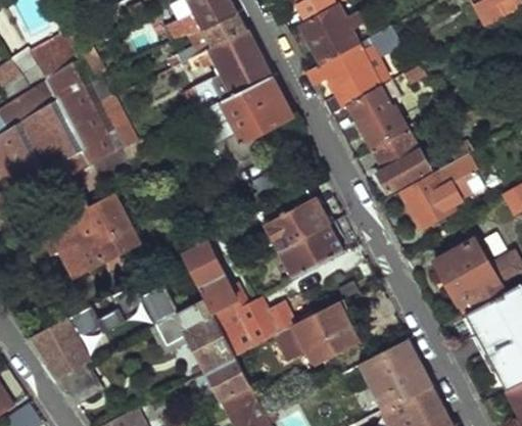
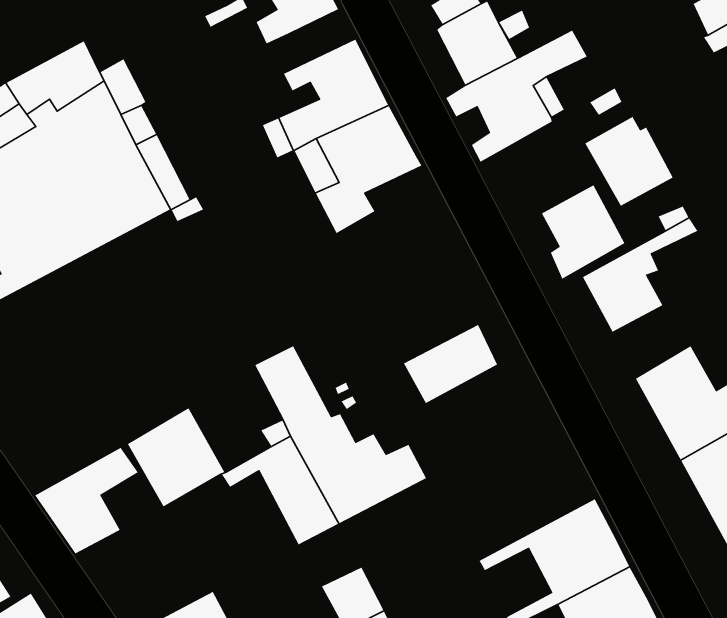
building: [184,11,247,59] -> none
building: [347,87,408,148] -> [584,116,674,207]
building: [33,193,135,278] -> none
building: [265,197,330,249] -> none
building: [293,303,358,365] -> none
building: [208,358,251,399] -> none
building: [58,363,105,406] -> none

